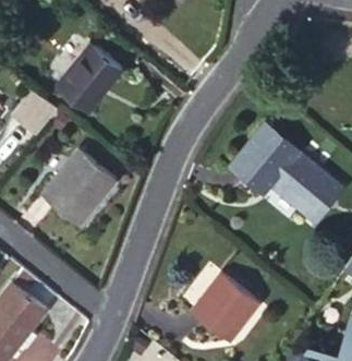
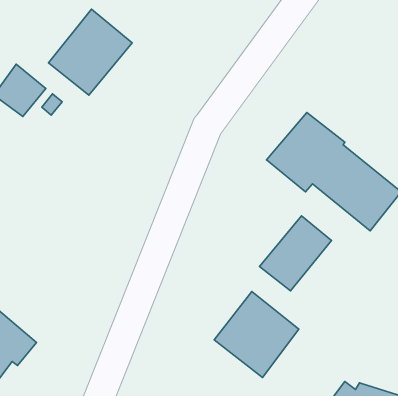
building: [40,147,117,225] -> none
building: none -> [260,216,331,291]

